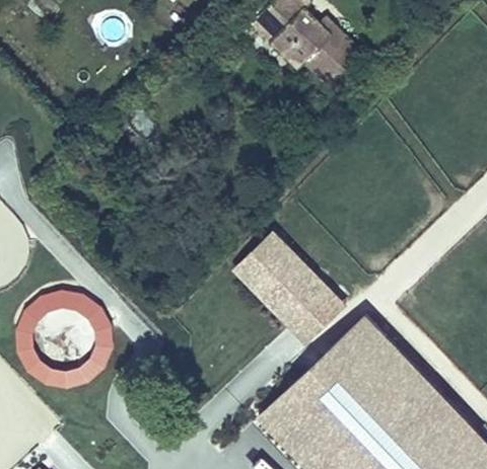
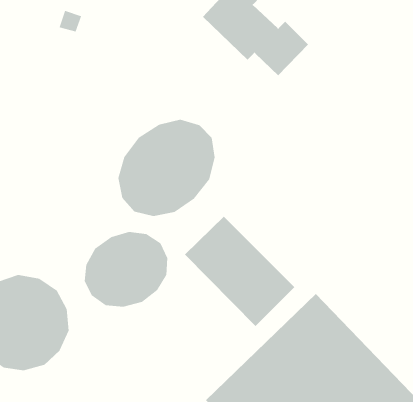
building: none -> [117,119,216,217]
building: none -> [84,231,168,307]

